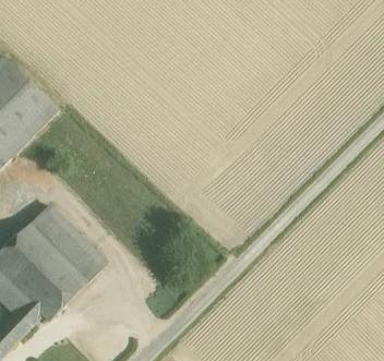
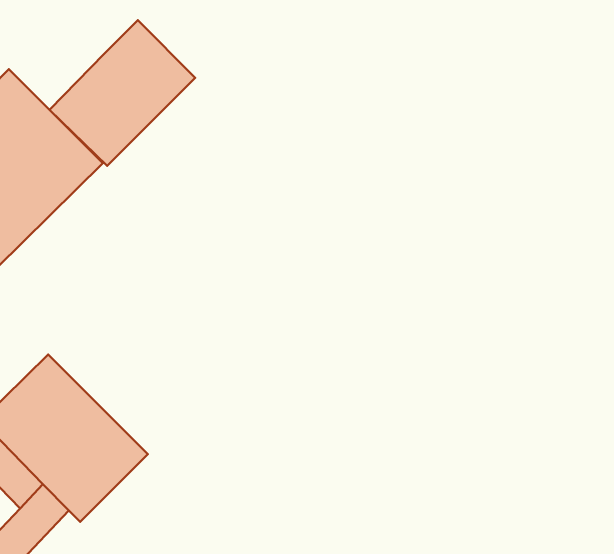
building: none -> [50,20,195,166]
building: [29,204,106,281] -> none

